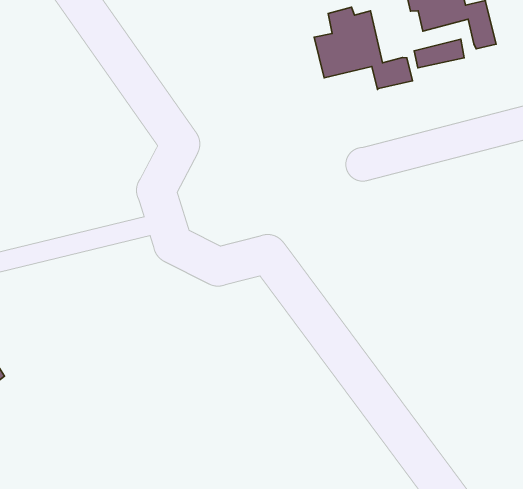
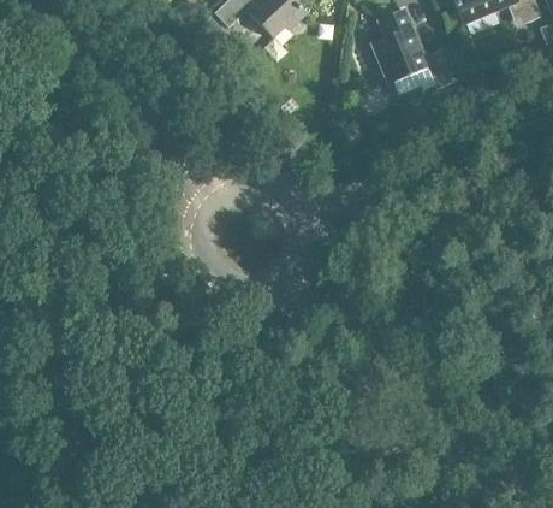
building: [314,7,412,89] -> none

